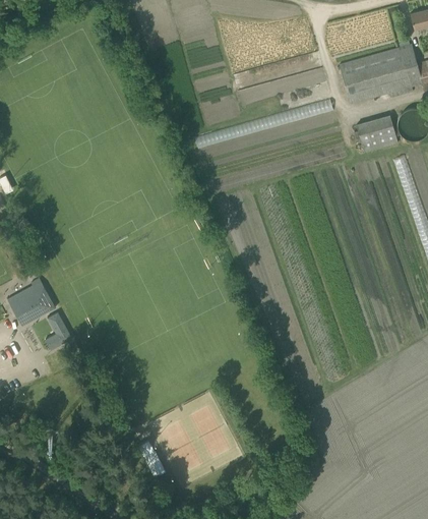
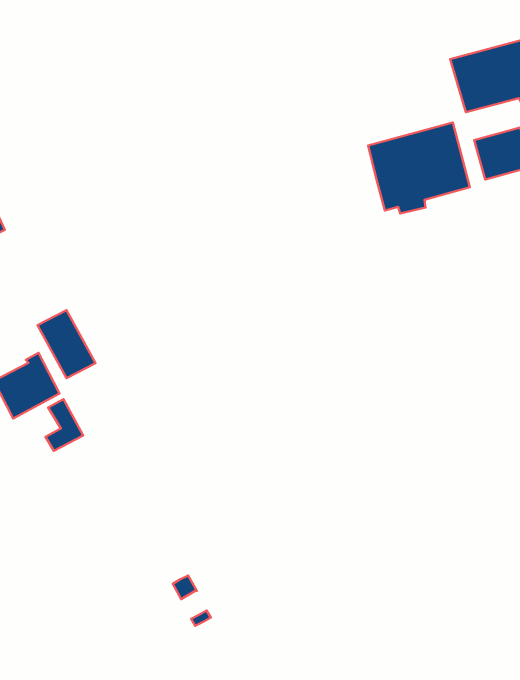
building: none -> [368,122,470,214]
building: none -> [38,310,96,378]

